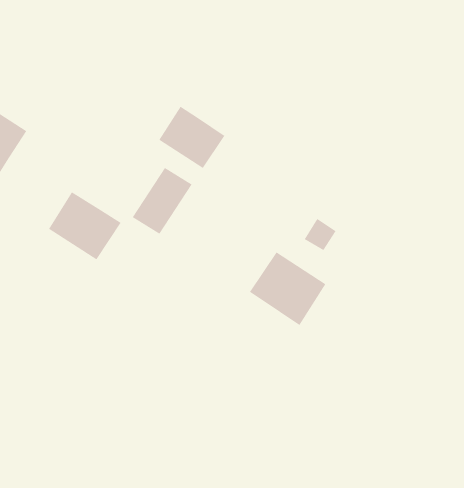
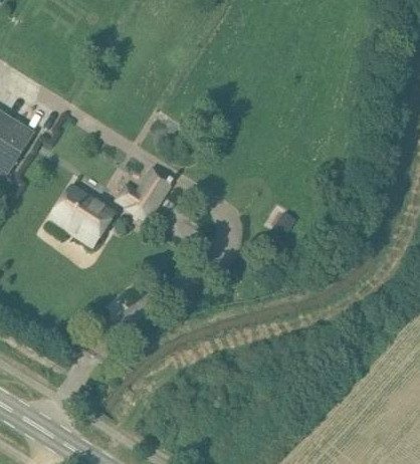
building: [159,106,225,169] -> none
building: [249,251,326,326] -> none

